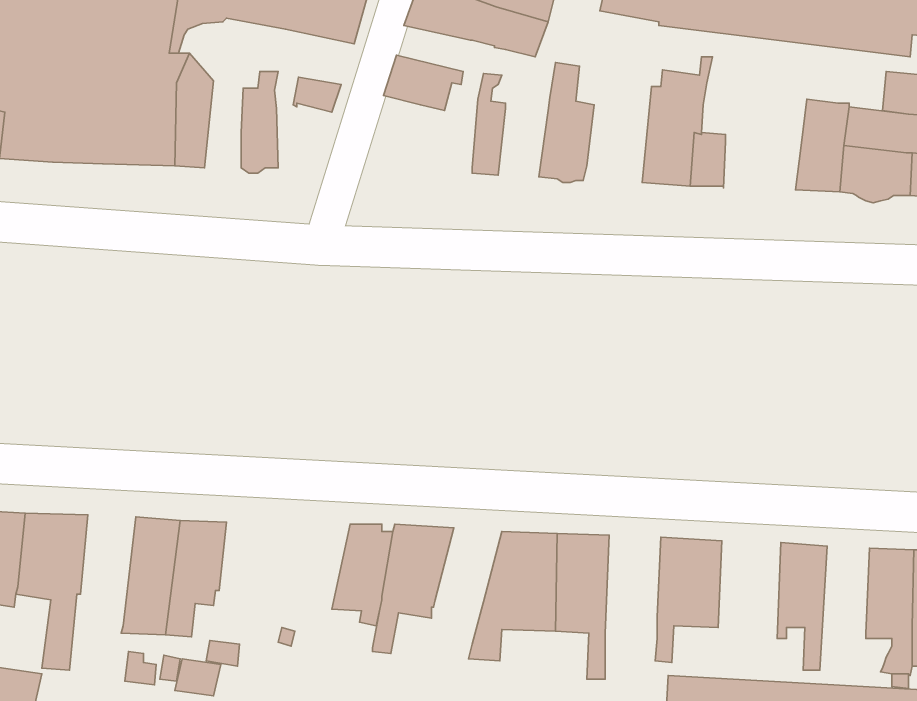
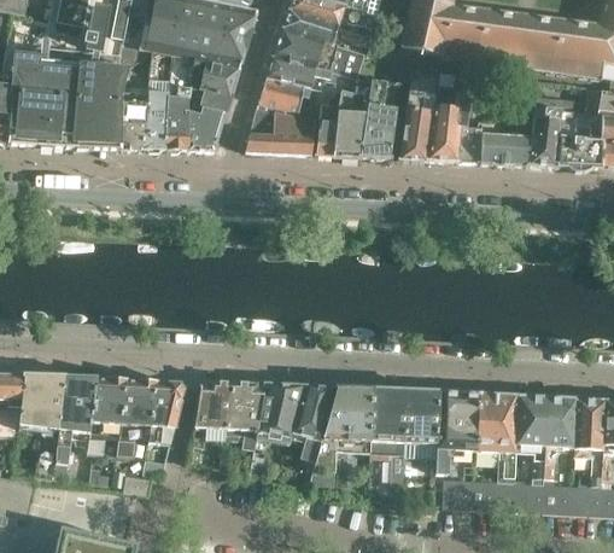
building: none -> [268,56,339,86]
building: none -> [192,58,240,94]
building: none -> [334,77,372,155]
building: none -> [400,77,434,158]
building: none -> [142,91,170,151]
building: none -> [189,106,226,150]
building: none -> [247,106,317,152]
building: none -> [481,121,532,164]
building: none -> [54,376,98,478]
building: none -> [148,380,185,442]
building: none -> [192,380,238,446]
building: none -> [292,384,337,460]
building: none -> [404,389,440,456]
building: none -> [478,392,519,476]
building: none -> [544,396,577,477]

